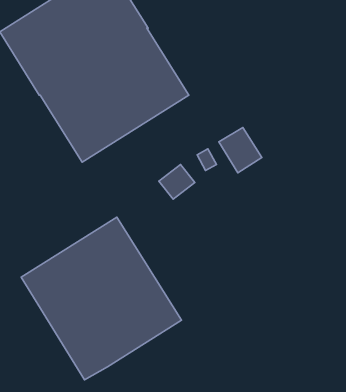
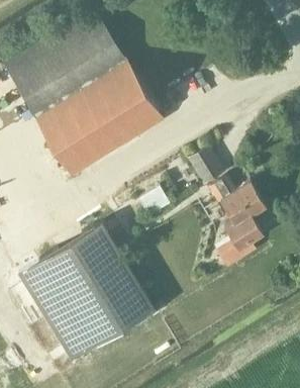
building: none -> [207,179,265,262]

